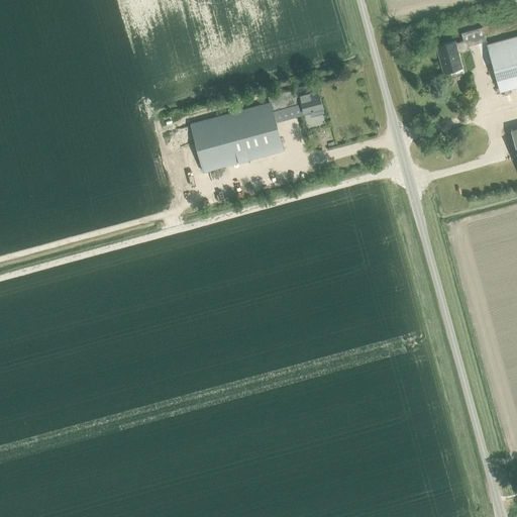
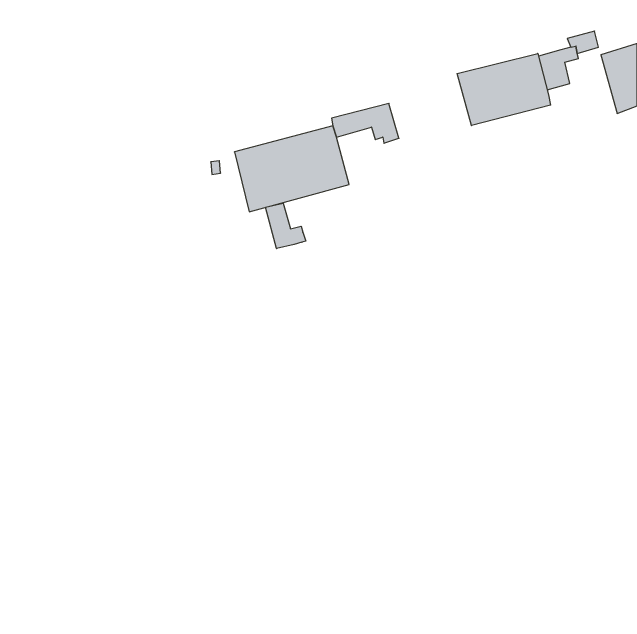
building: none -> [457,53,551,126]
building: none -> [266,203,306,249]

